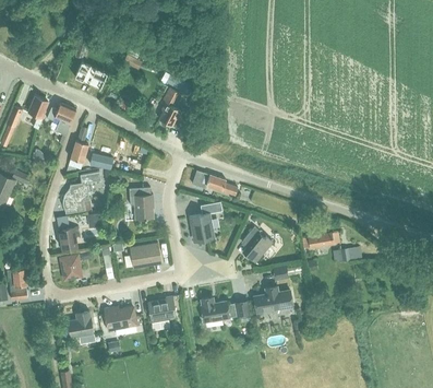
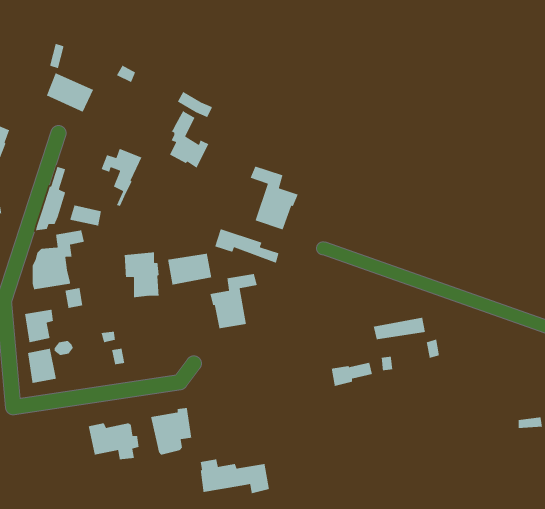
building: [47,102,76,143] -> [100,148,142,207]
building: none -> [249,165,299,230]
building: [241,226,272,262] -> none
building: [129,244,160,267] -> [167,253,212,286]
building: [253,286,292,313] -> none
building: [201,297,250,322] -> [200,459,270,494]
building: [62,310,94,343] -> none

